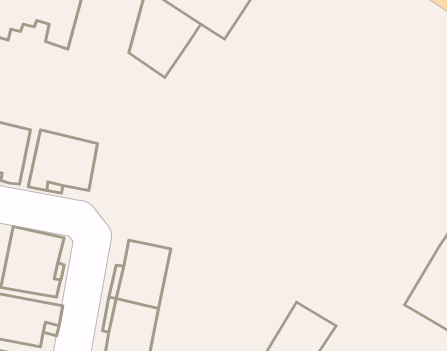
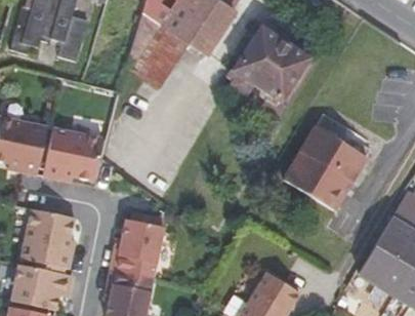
building: none -> [230,28,308,101]
building: none -> [283,123,370,210]

